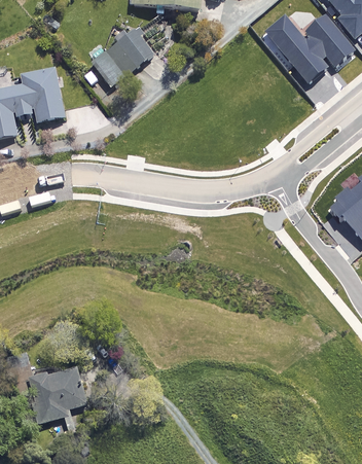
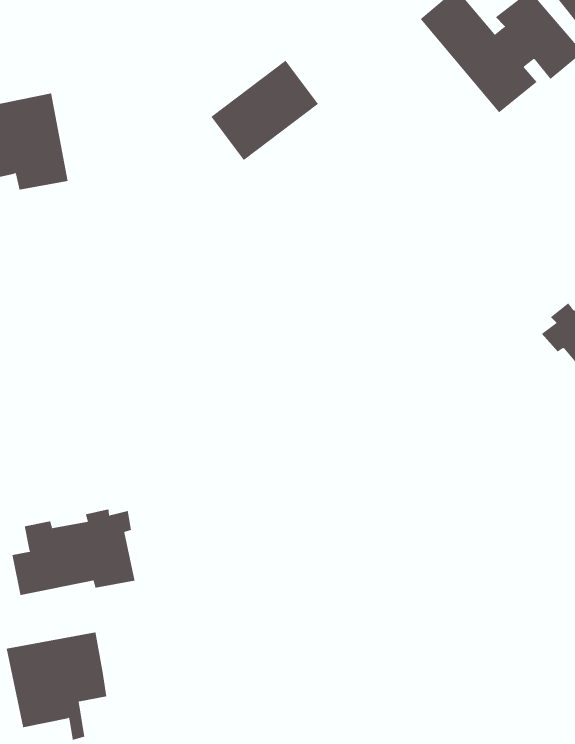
building: [94,33,154,90] -> [210,60,319,161]
building: none -> [12,508,135,596]

